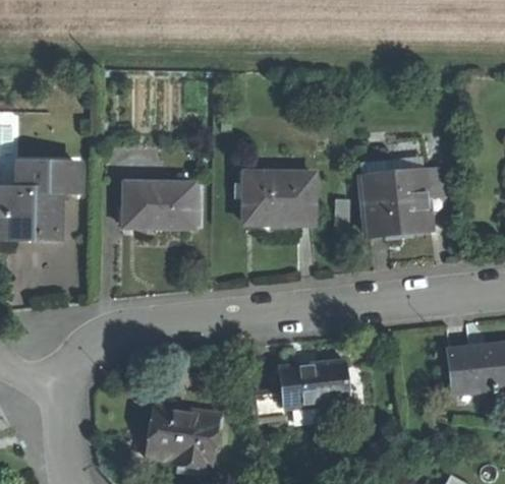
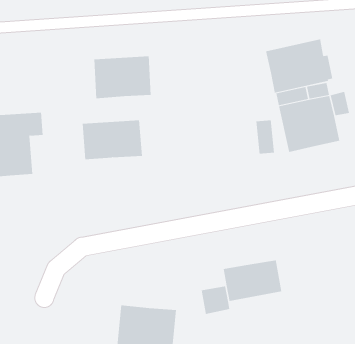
building: none -> [265,38,333,93]
building: none -> [94,55,151,99]
building: [245,172,316,222] -> none

